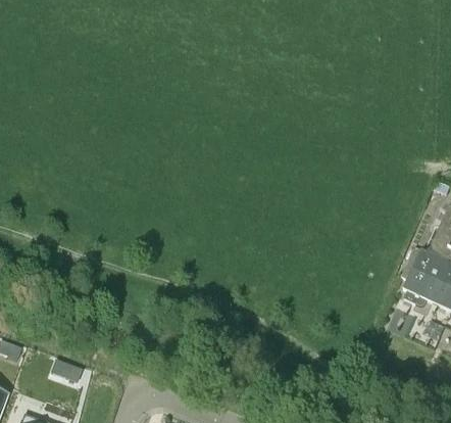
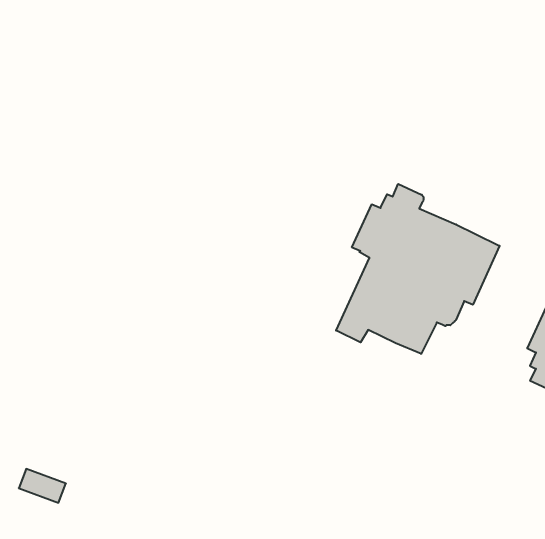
building: none -> [336,184,500,354]

